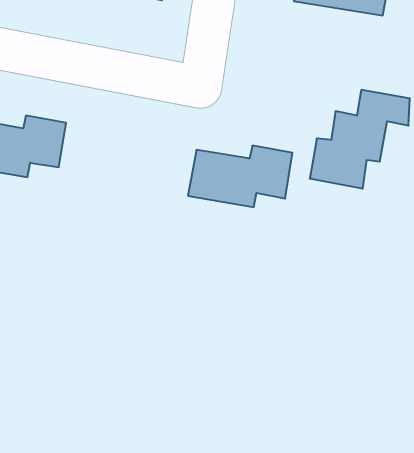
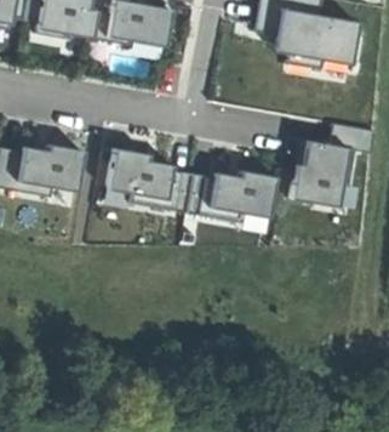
building: none -> [107,147,193,211]

